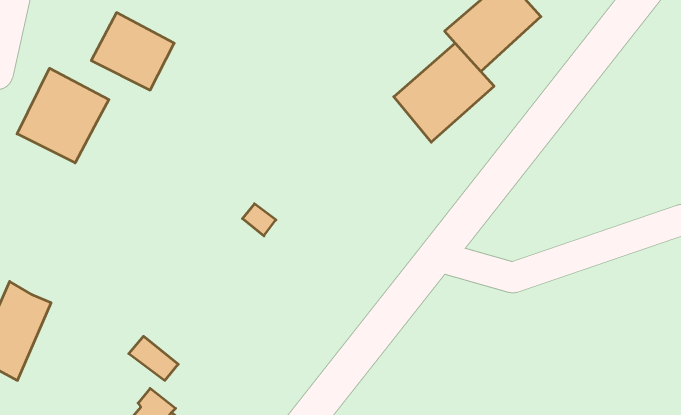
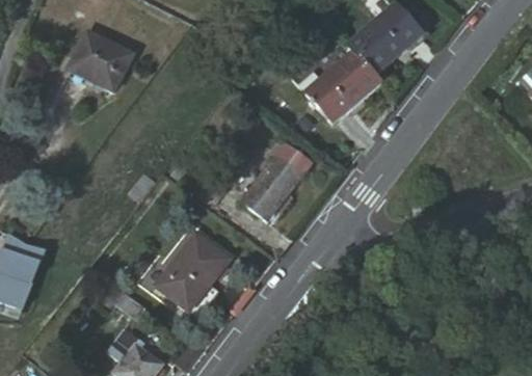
building: [17,68,109,163] -> none
building: none -> [236,136,305,214]
building: none -> [161,238,227,306]

